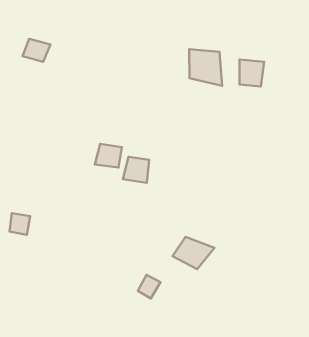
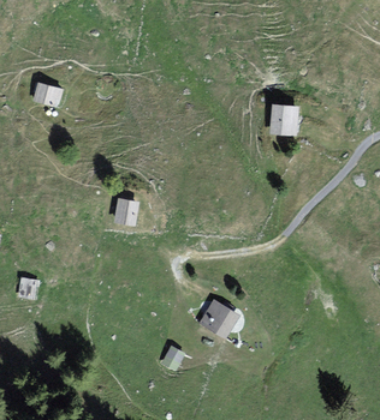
building: [189,49,222,86] -> none
building: [123,157,149,183] -> none

